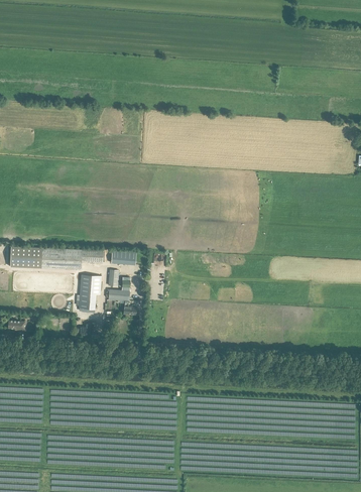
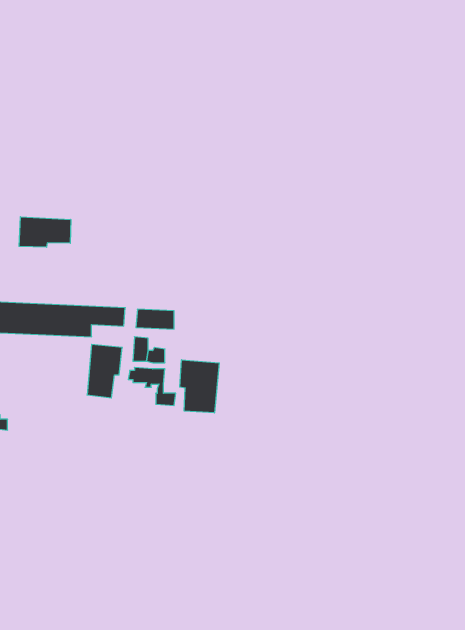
building: none -> [19,217,71,247]
building: none -> [180,360,219,413]

